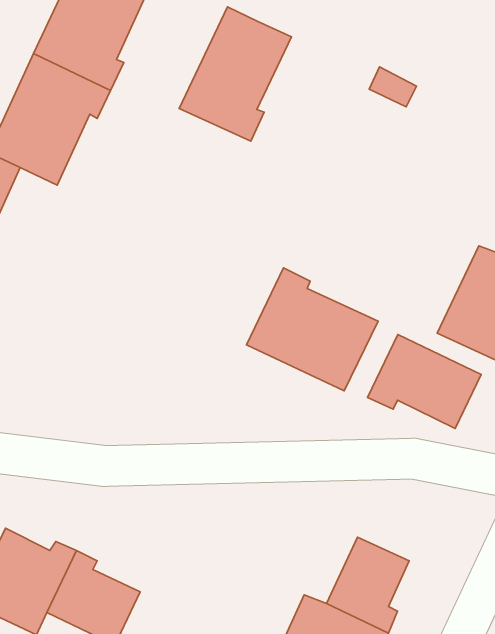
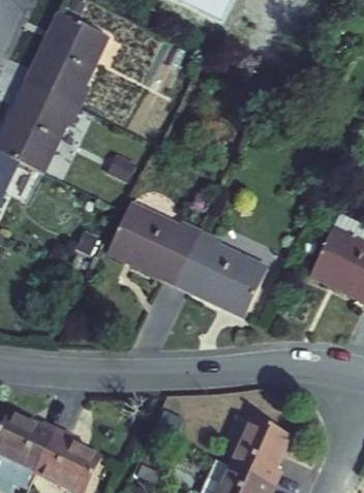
building: [179,7,291,141] -> none
building: none -> [108,202,202,283]
building: [367,334,481,428] -> none

